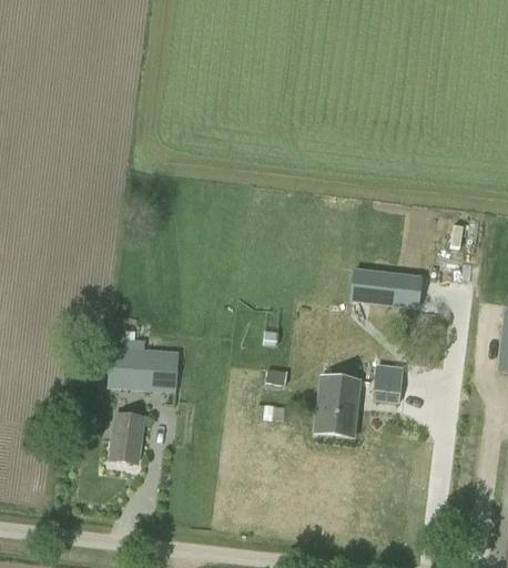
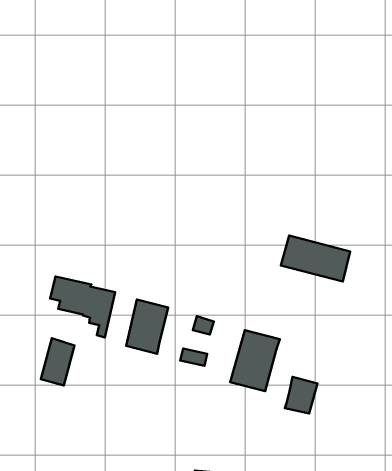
building: none -> [126,299,168,354]
building: [373,365,404,402] -> [285,377,317,414]

